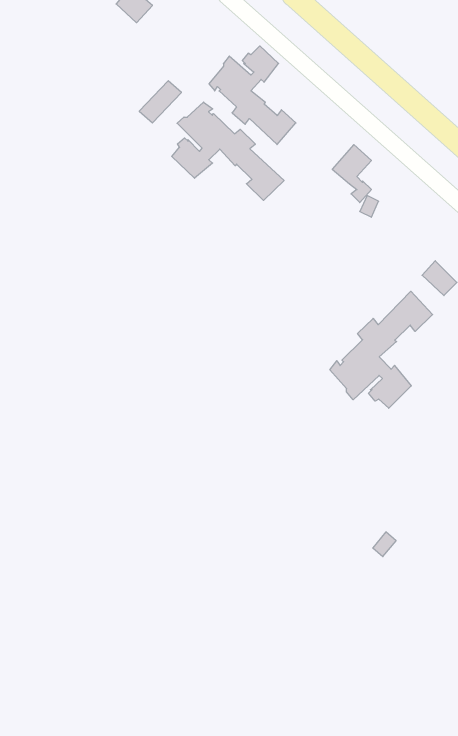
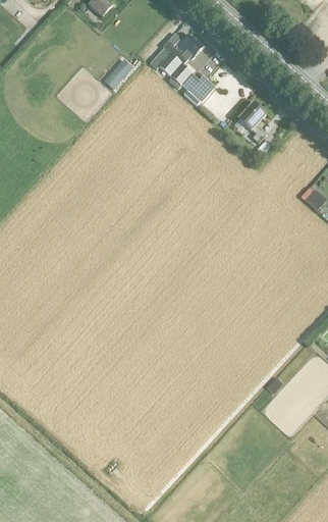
building: [172,102,284,200] -> none
building: [330,291,433,408] -> none

